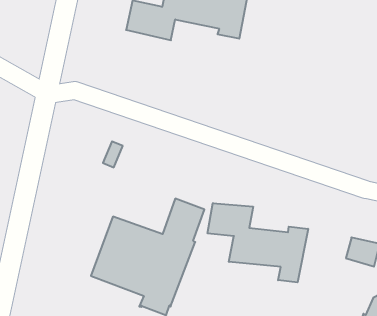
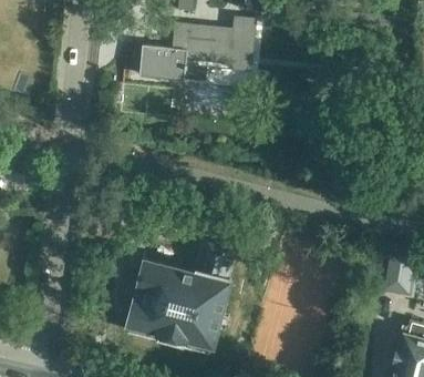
building: [208,203,308,282] -> none

